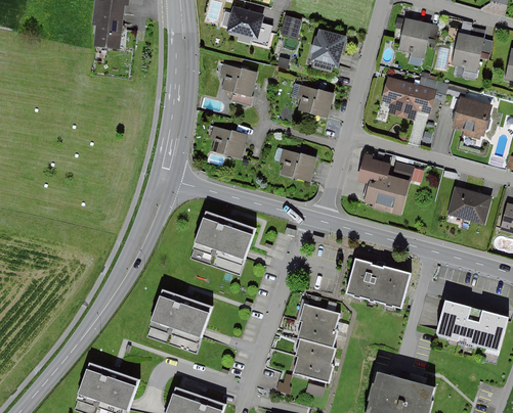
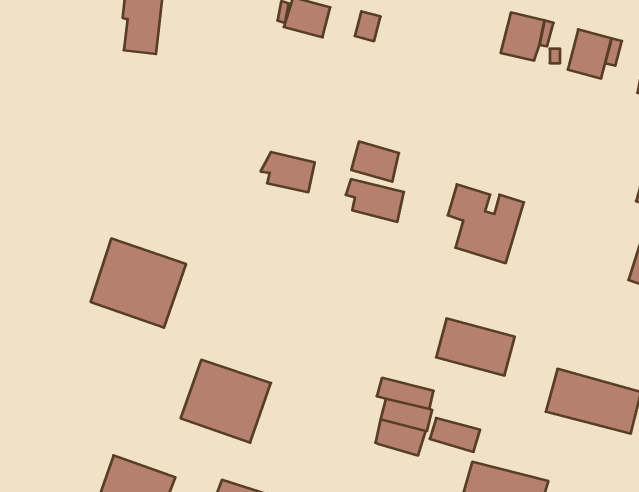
building: [310,29,346,66] -> none
building: [220,65,260,99] -> none
building: [380,76,433,121] -> none
building: [298,87,336,119] -> [351,142,399,182]
building: [447,95,494,139] -> none
building: [444,186,489,226] -> none
building: [186,211,262,281] -> [91,239,186,328]
building: [295,359,335,385] -> [430,418,480,452]

